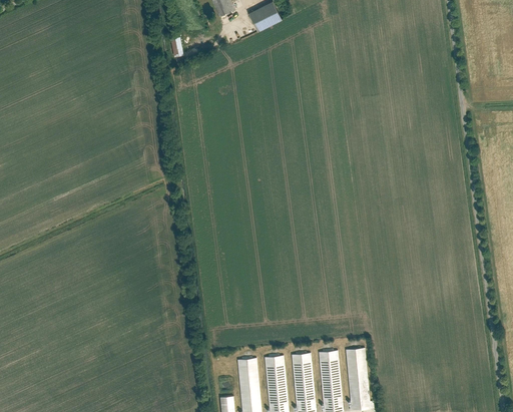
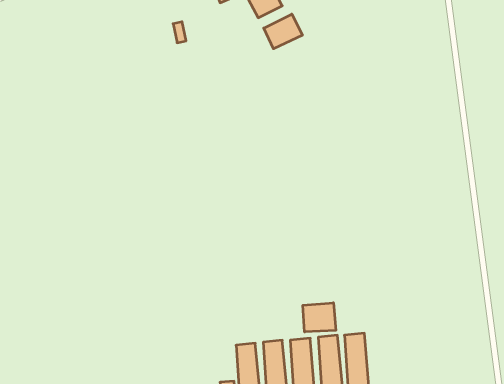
building: none -> [264,14,302,49]
building: none -> [303,303,336,332]

